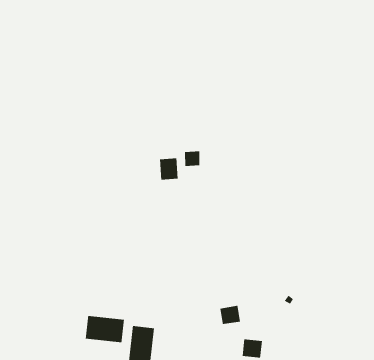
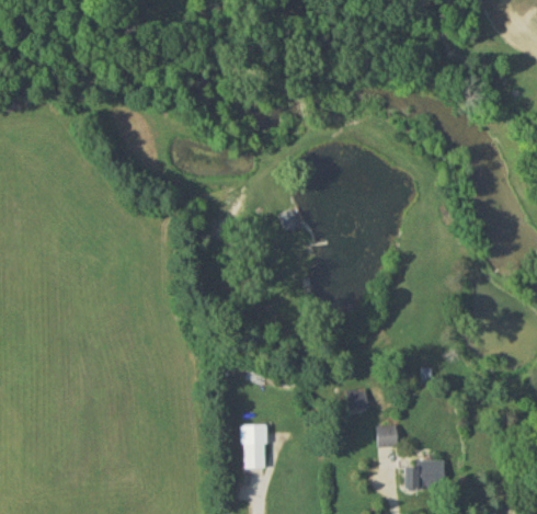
building: [160,158,178,180] -> none
building: [85,315,125,343] -> none

